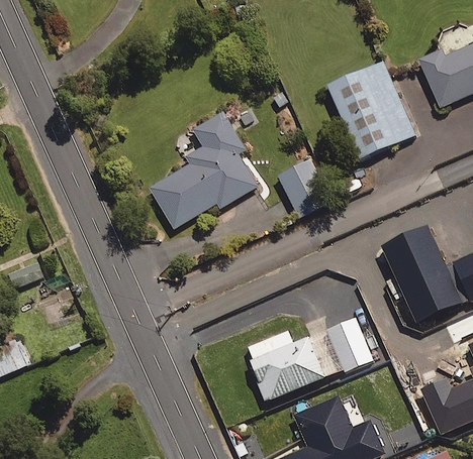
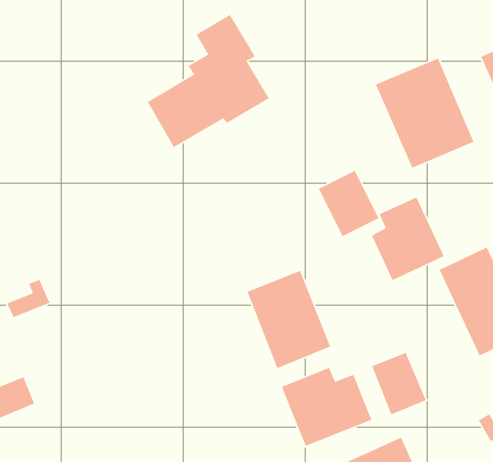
building: [151,112,258,229] -> [147,14,270,148]
building: none -> [371,196,445,281]
building: none -> [247,270,331,369]

